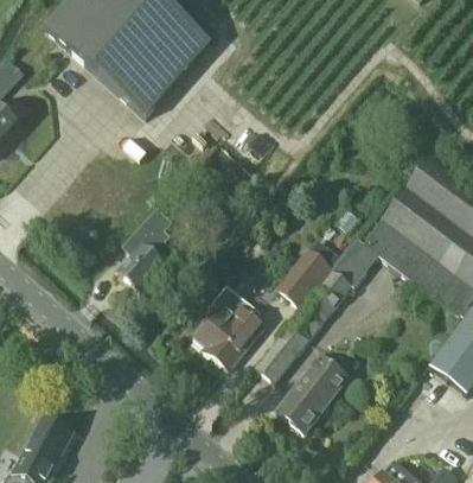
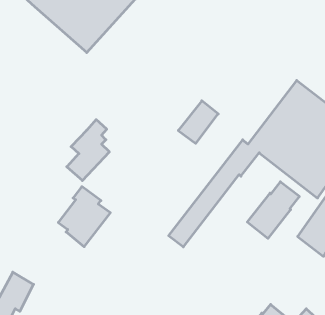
building: [274,246,328,304] -> [178,101,218,143]
building: [192,286,263,368] -> [58,187,110,247]
building: [275,356,346,433] -> [247,182,299,238]

